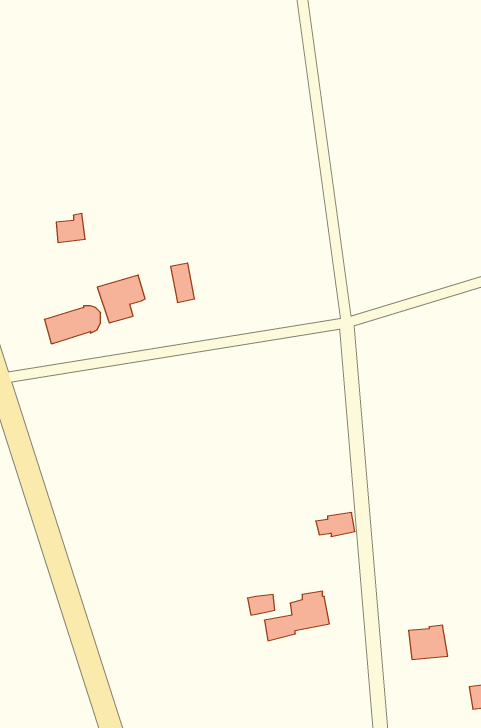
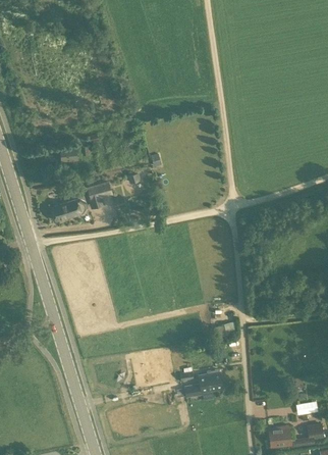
building: [409,625,448,659] -> [269,425,292,446]

